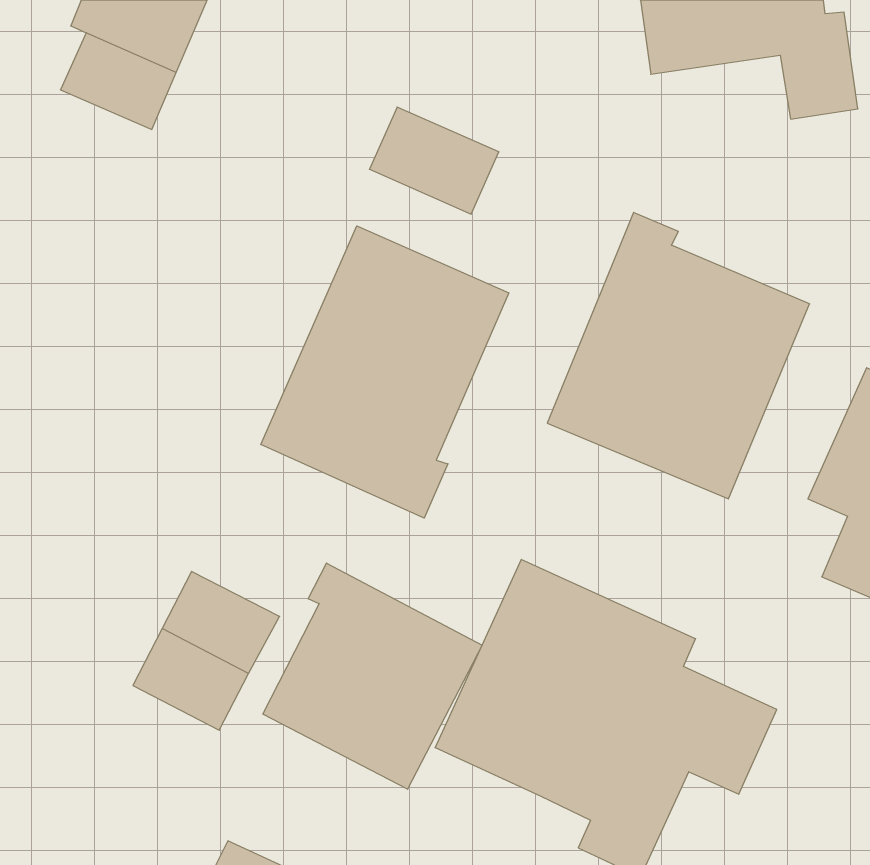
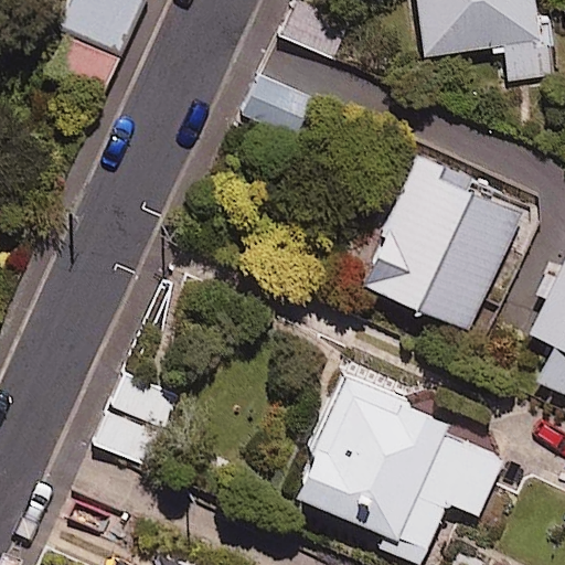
building: [261,226,509,518] -> none
building: [263,563,482,789] -> none

